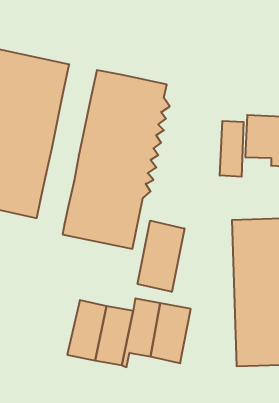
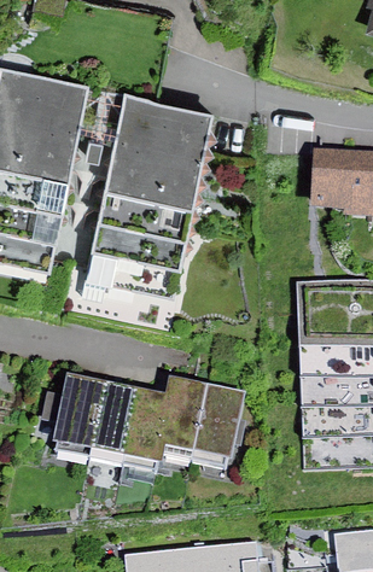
building: [220,121,244,177] -> none
building: [138,221,184,292] -> none
building: none -> [40,374,103,450]

